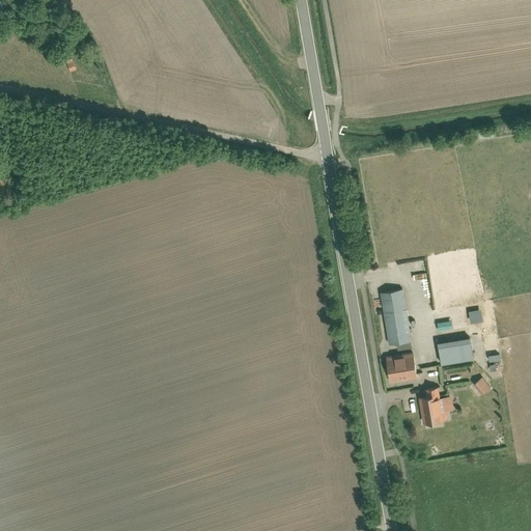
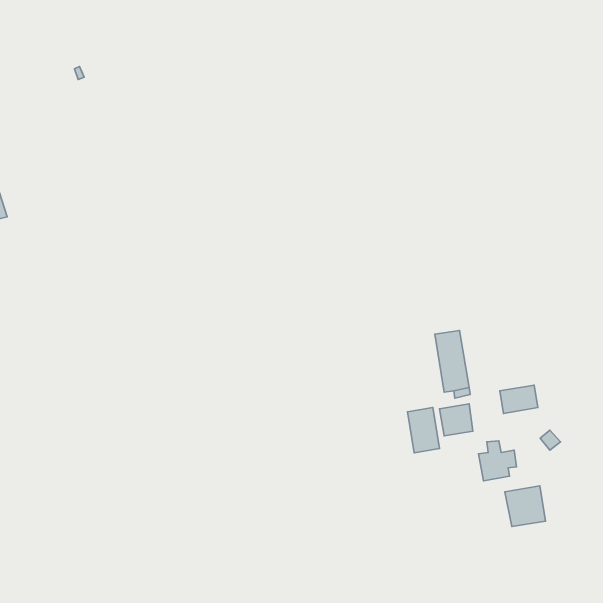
building: none -> [408,407,439,453]
building: none -> [505,486,546,527]

